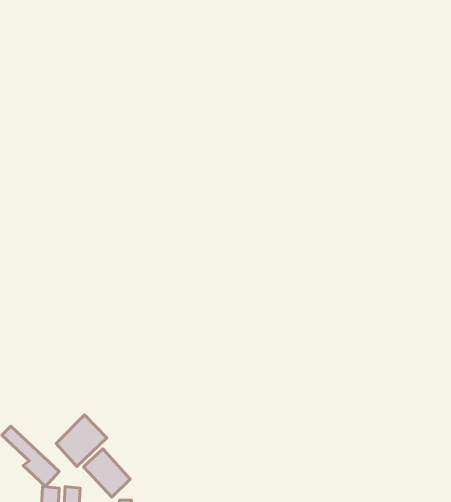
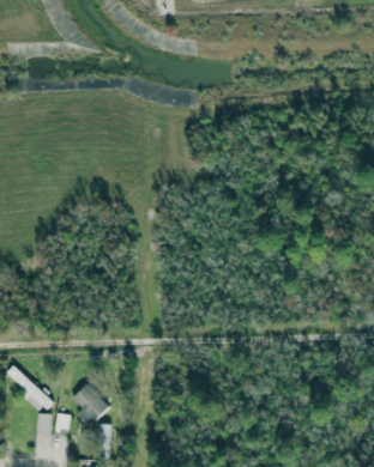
building: [56,415,107,467] -> none

